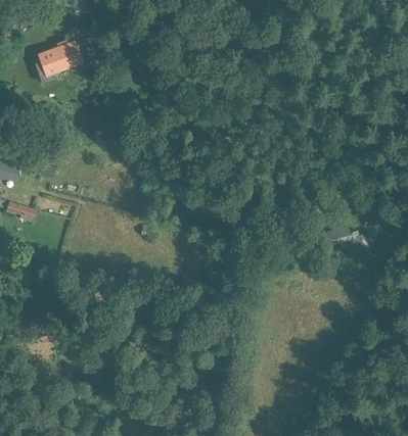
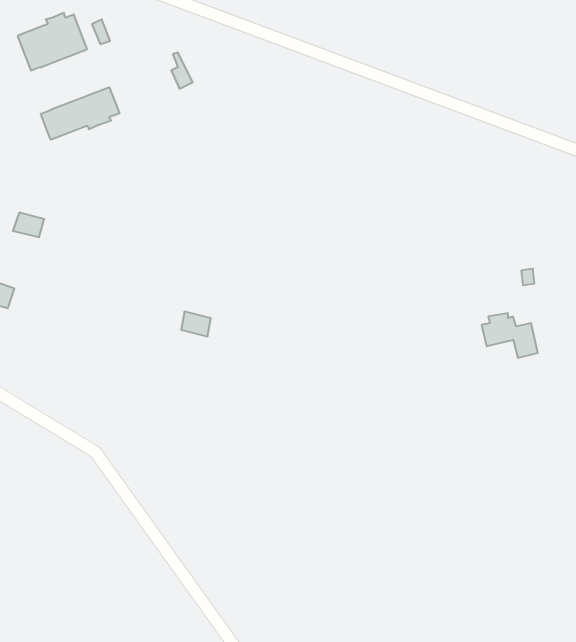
building: none -> [41,87,119,140]

